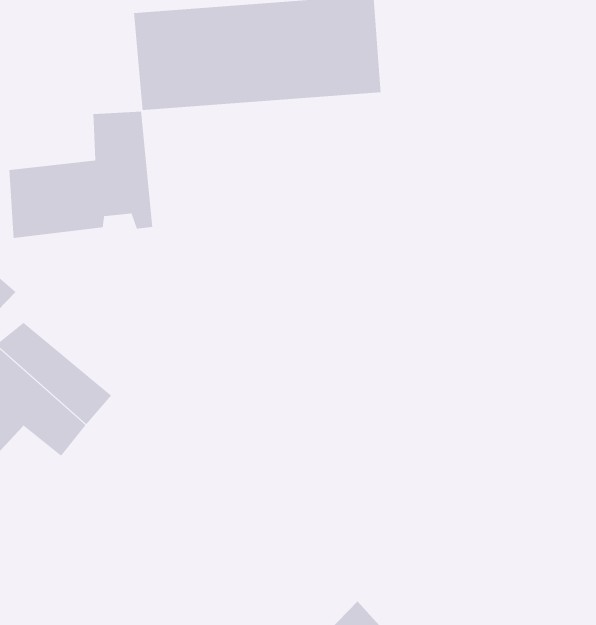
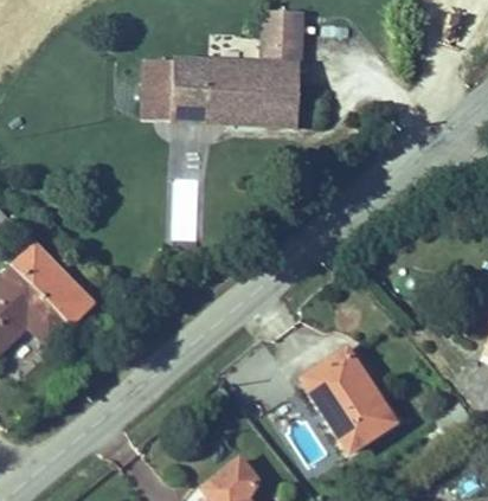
building: [8,111,153,239] -> none
building: none -> [291,345,390,451]

